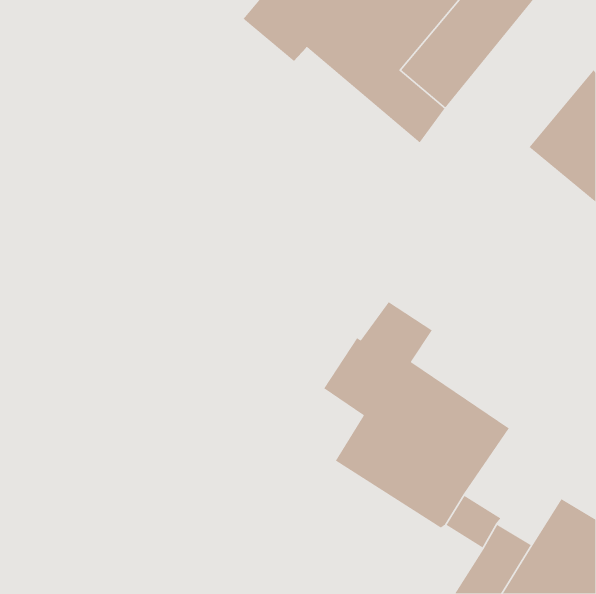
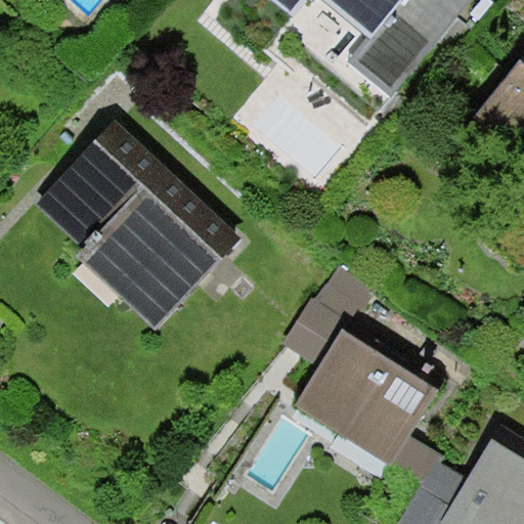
building: none -> [38,120,243,329]

